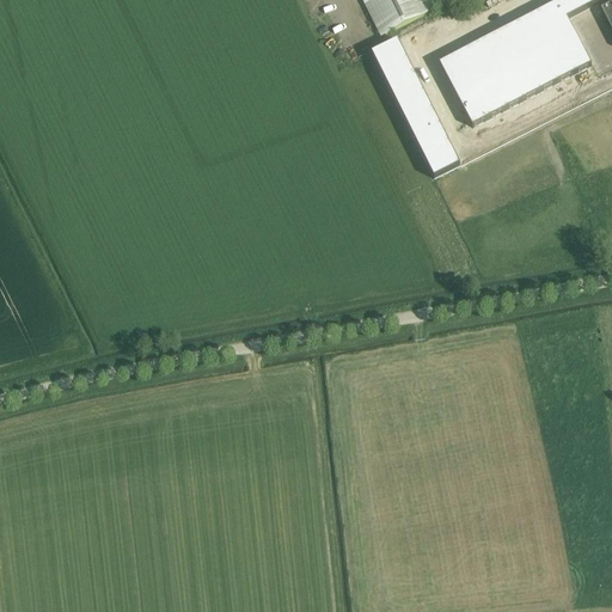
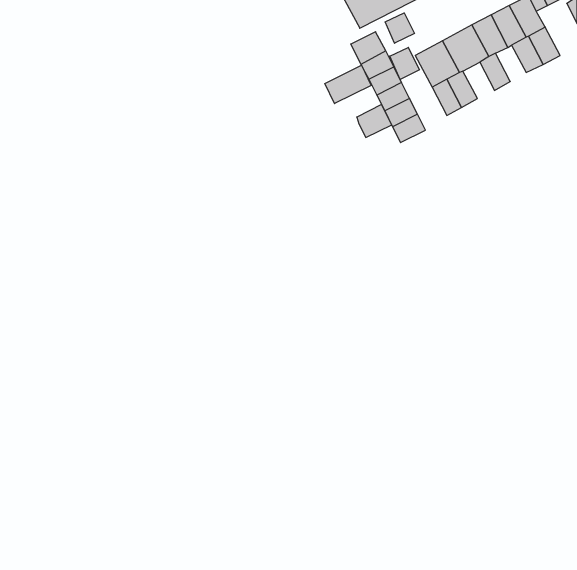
building: none -> [385,13,414,43]
building: [524,48,556,86] -> none
building: none -> [390,47,419,79]
building: [489,66,522,104] -> none
building: none -> [325,65,371,104]
building: [423,137,460,172] -> [357,105,392,137]

